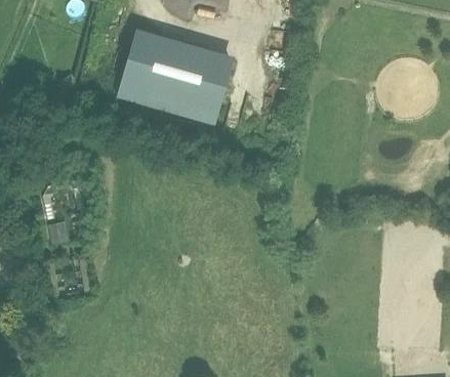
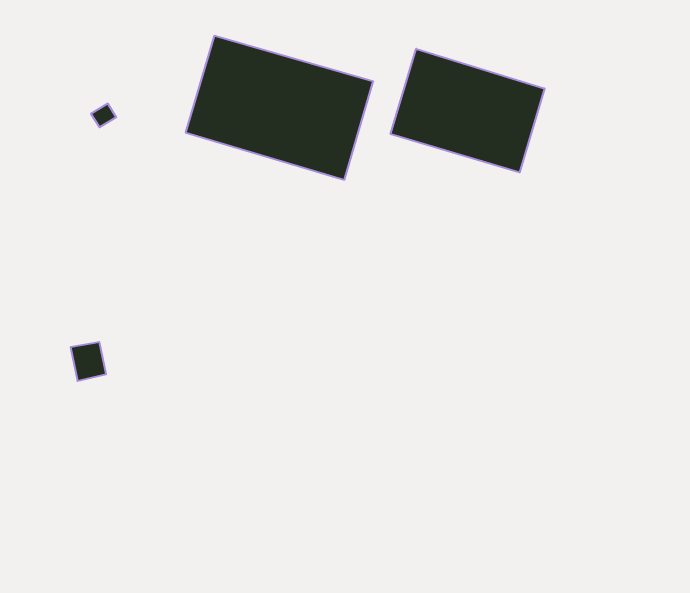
building: none -> [391,49,545,172]

